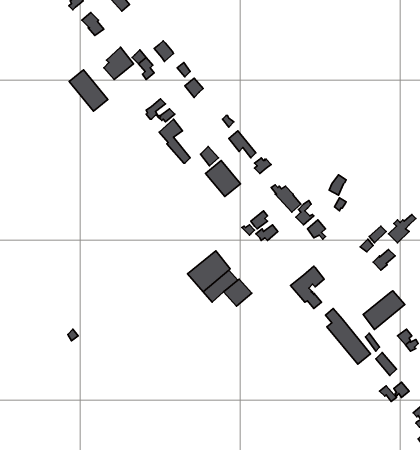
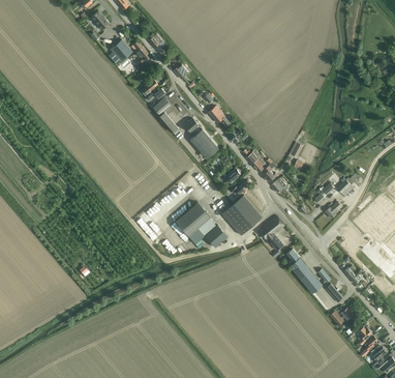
building: [69,70,108,111] -> none
building: none -> [223,196,263,236]
building: [363,291,405,329] -> none

